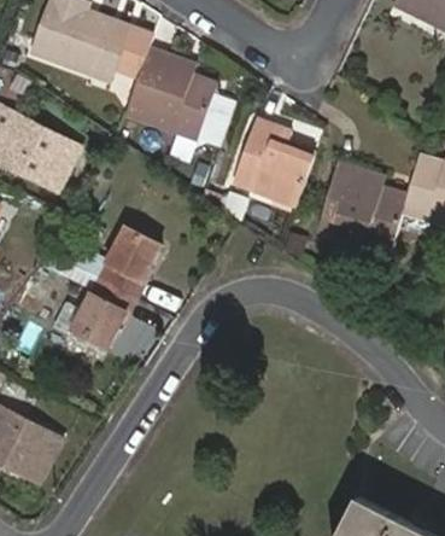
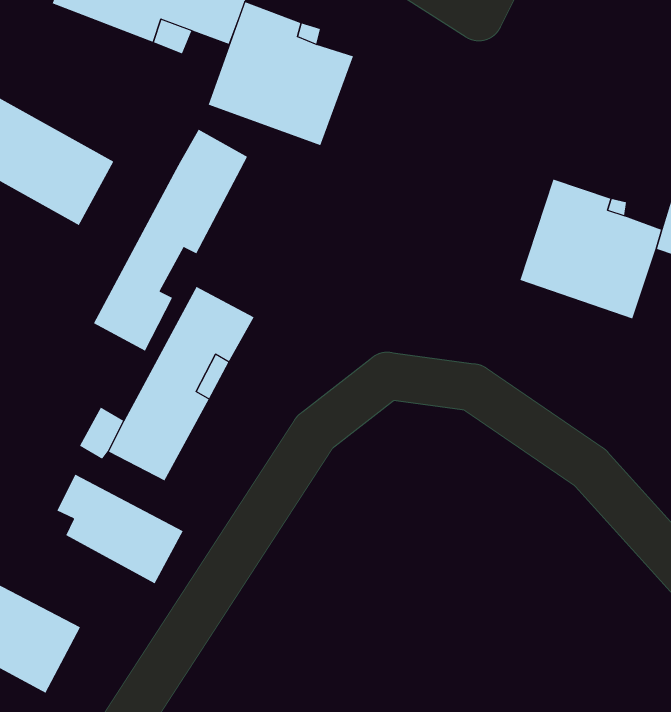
building: [239,122,318,205] -> none
building: none -> [93,129,248,352]
building: none -> [56,474,183,584]

